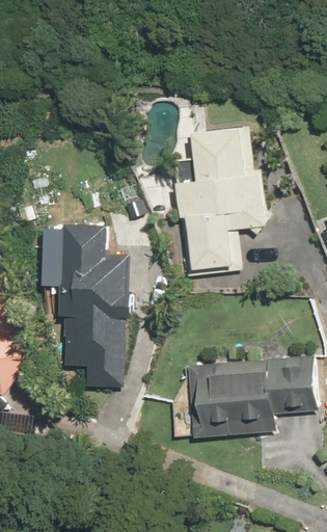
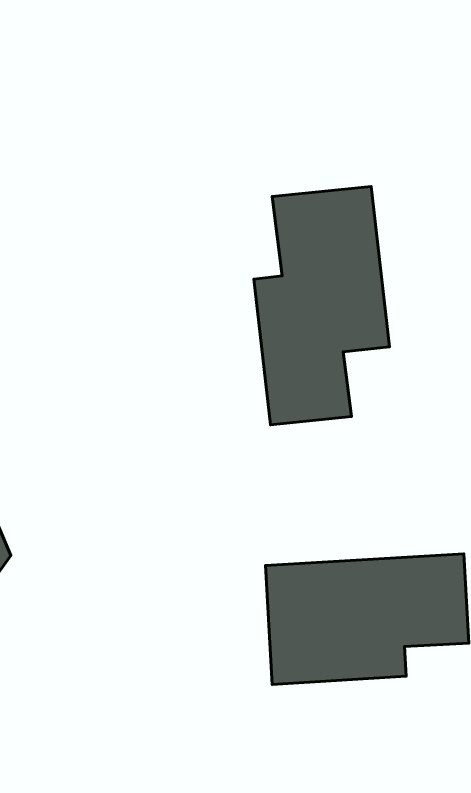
building: [59,223,128,388] -> none

